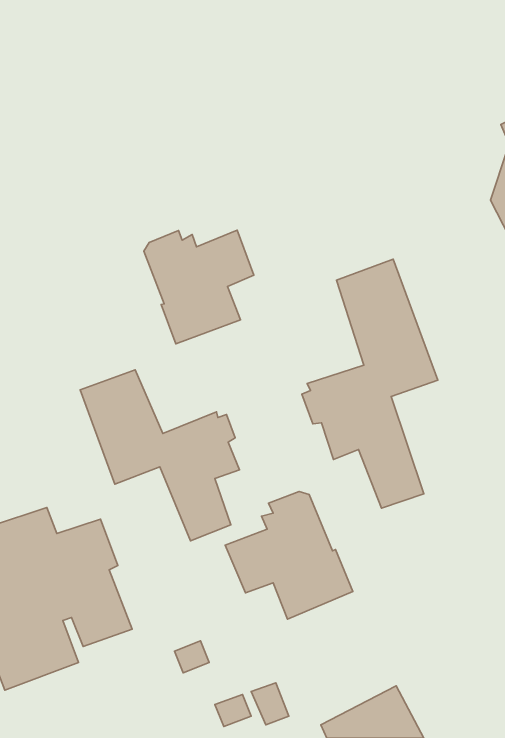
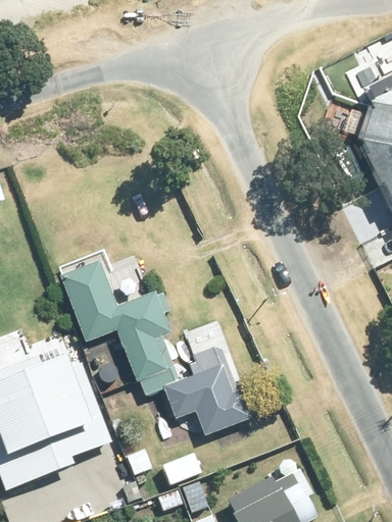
building: [144,230,254,344] -> none
building: [302,259,438,508] -> none

